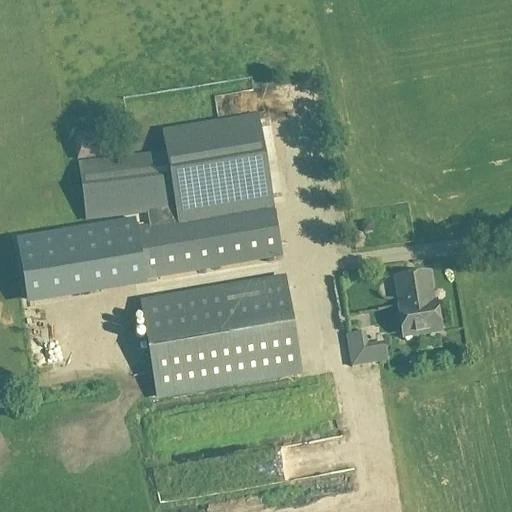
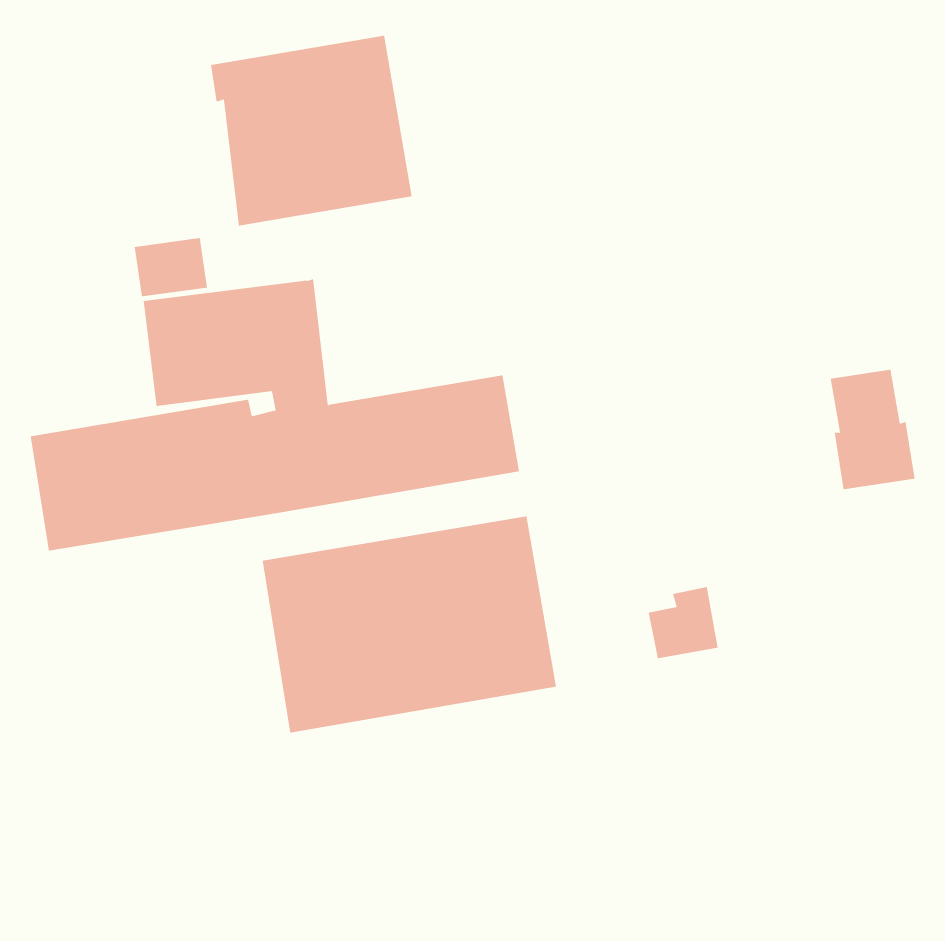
building: [164,115,273,218] -> [210,35,413,226]
building: [397,271,443,336] -> [830,369,915,490]

